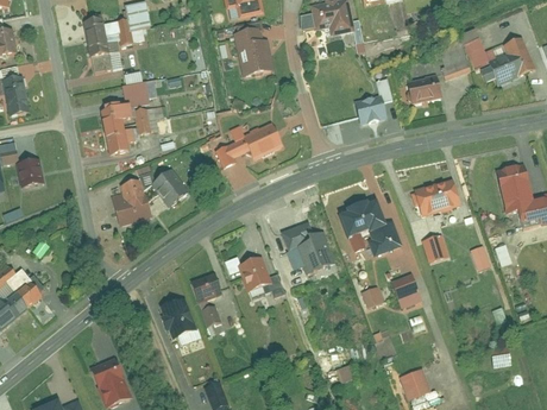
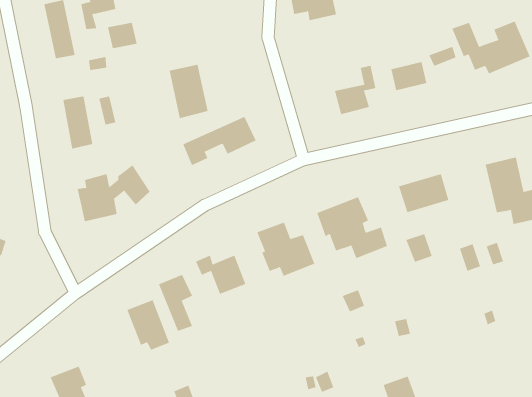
building: [233,25,270,76] -> [169,64,209,119]
building: [122,81,151,106] -> [107,22,138,49]
building: [391,275,422,307] -> none

